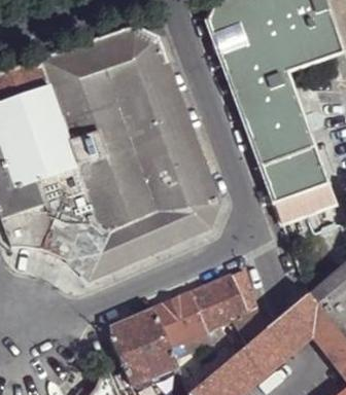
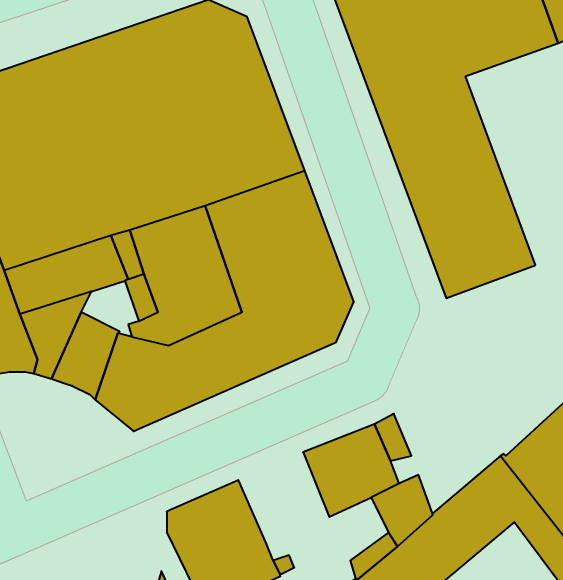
building: [274,182,334,223] -> none
building: [151,292,205,346] -> none

